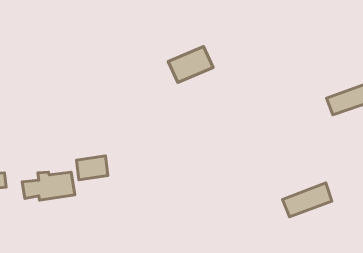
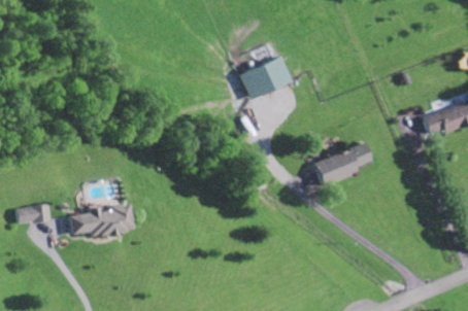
building: [76,156,108,180] -> none
building: [283,183,332,217] -> [314,143,372,183]

